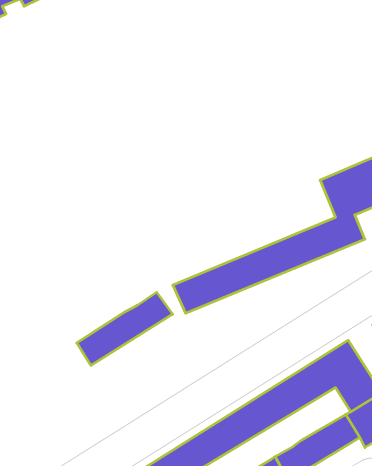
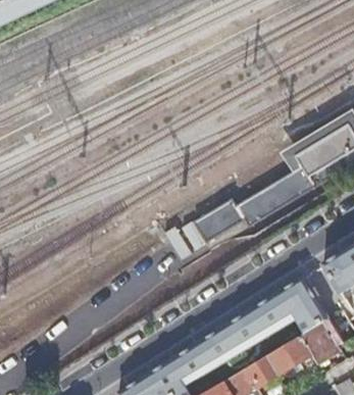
building: [77,292,173,365] -> none

